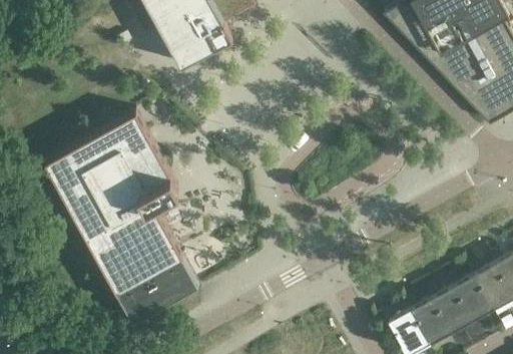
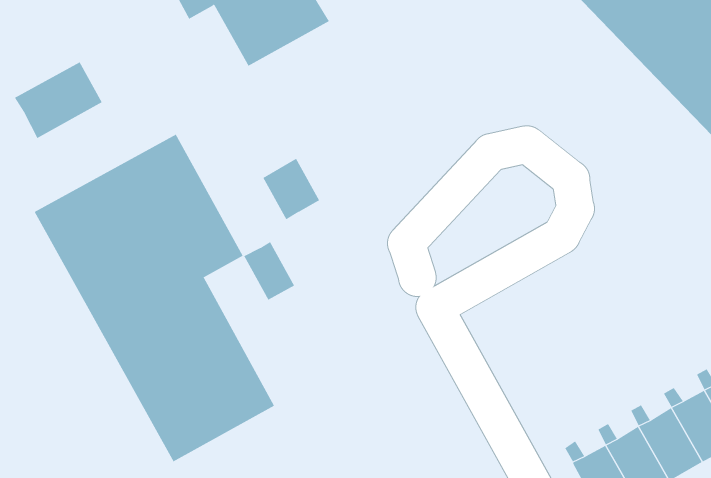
building: none -> [14,61,103,139]
building: none -> [263,158,320,220]
building: none -> [244,241,295,300]

